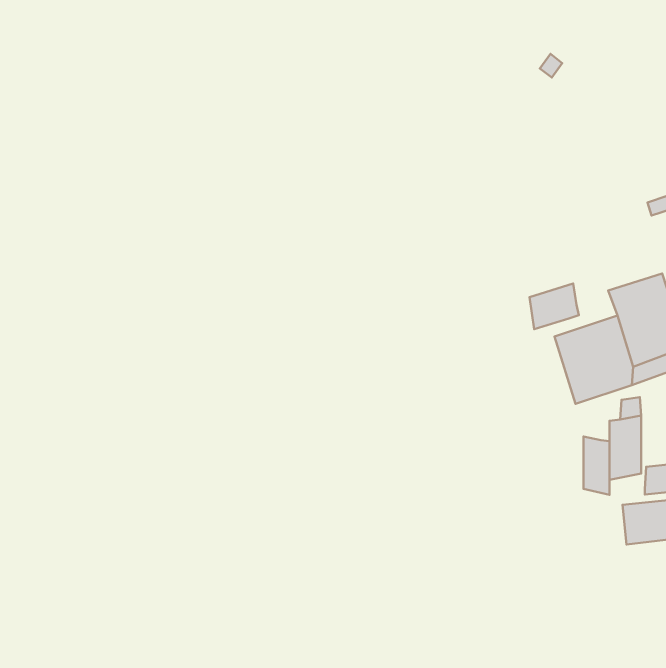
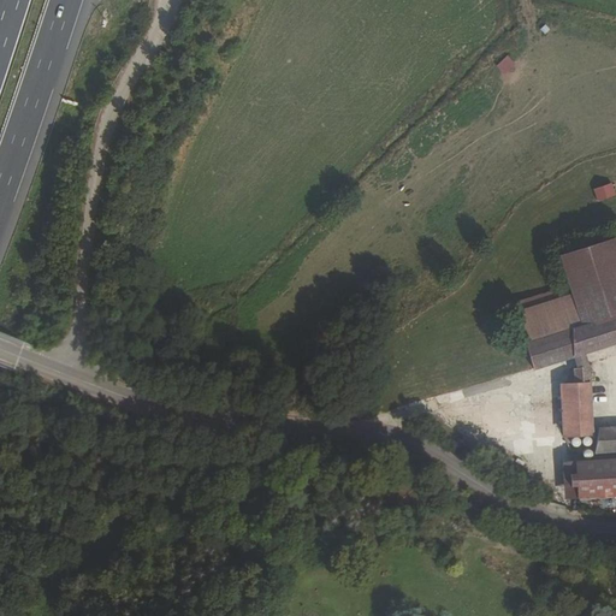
building: [530,284,579,329] -> none
building: [584,436,610,495] -> none

